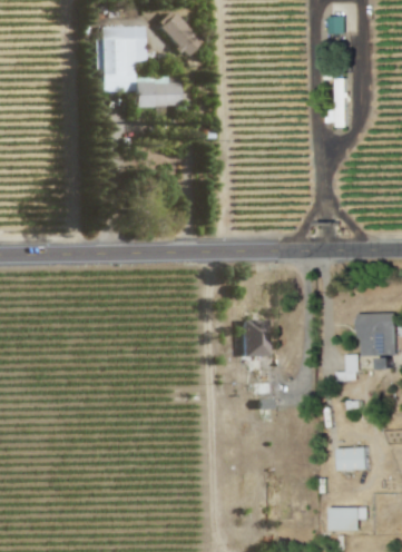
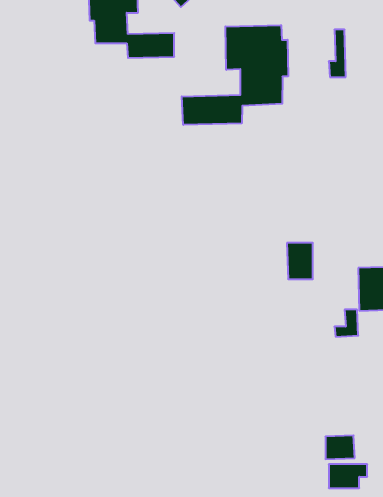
building: none -> [182,25,288,125]
building: [241,319,266,355] -> [287,243,313,279]
building: [340,446,369,470] -> [325,435,355,459]

